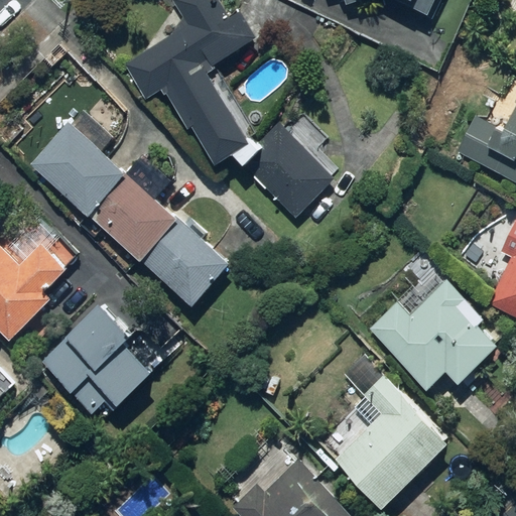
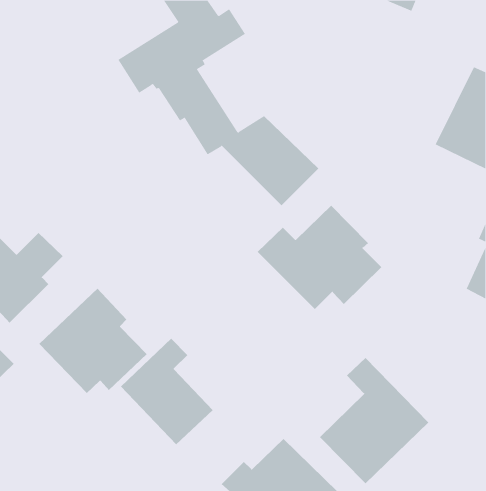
building: [28,121,230,305] -> none
building: [368,279,499,389] -> [257,205,382,310]
building: none -> [120,338,213,445]

